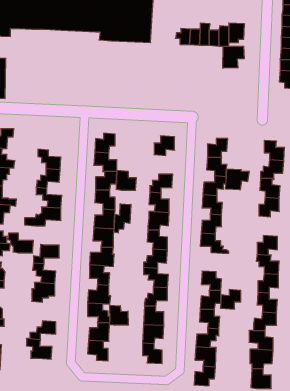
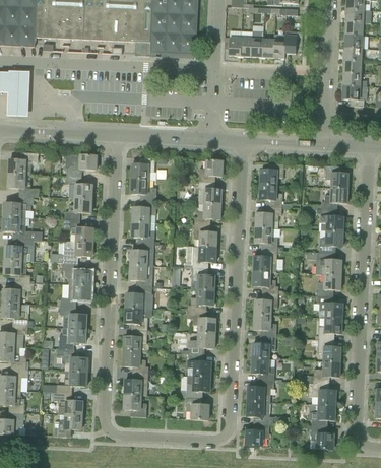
building: [223,46,244,68] -> none
building: none -> [65,153,97,176]
building: [226,169,249,190] -> none
building: [116,171,136,190] -> [198,181,221,203]
building: [114,204,131,233] -> none
building: none -> [315,251,341,274]
building: [8,233,33,253] -> [62,262,91,284]
building: [220,289,241,309] -> [254,292,277,315]
building: none -> [56,348,87,372]
building: [110,305,128,325] -> none
building: none -> [54,413,81,436]

